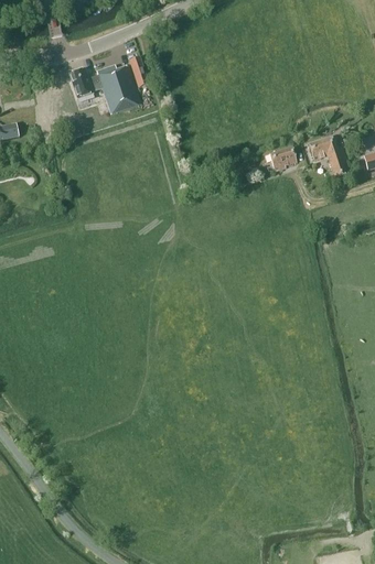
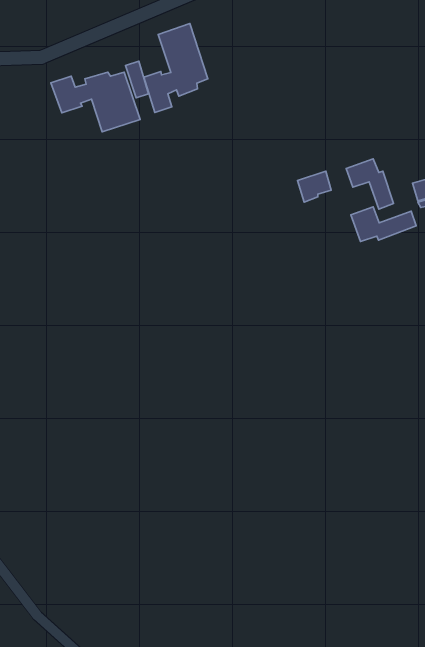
building: none -> [144,24,208,112]
building: none -> [351,207,416,242]

